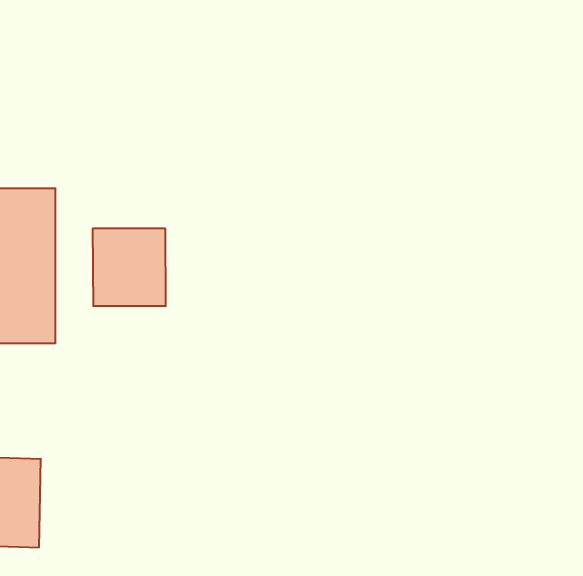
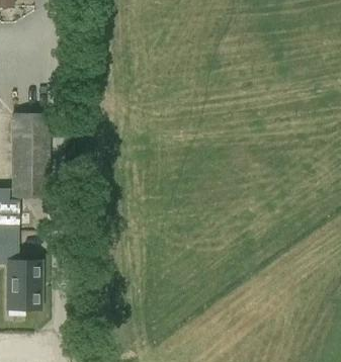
building: [93,228,166,306] -> none

